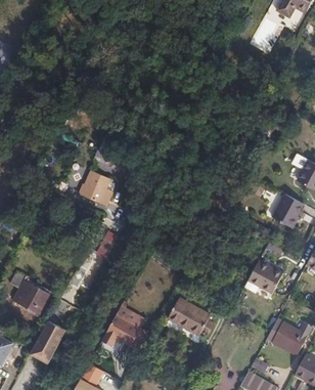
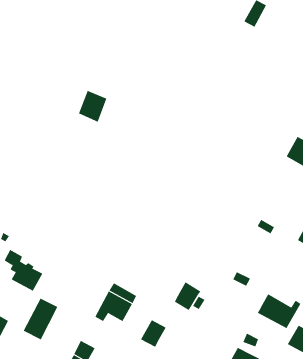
building: [81,170,110,203] -> [78,90,107,123]
building: [272,192,302,226] -> none
building: [248,258,283,293] -> none
building: [167,297,193,326] -> [140,319,166,348]

